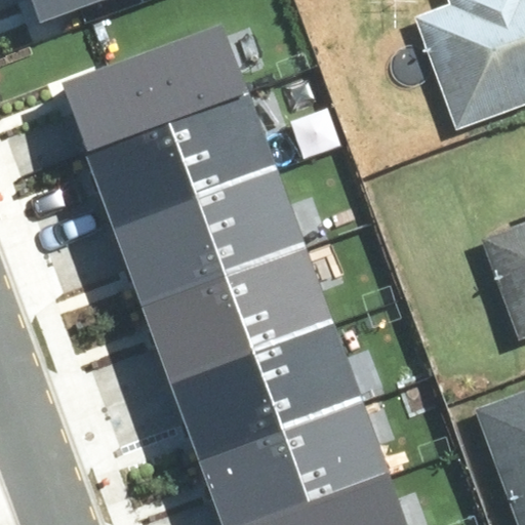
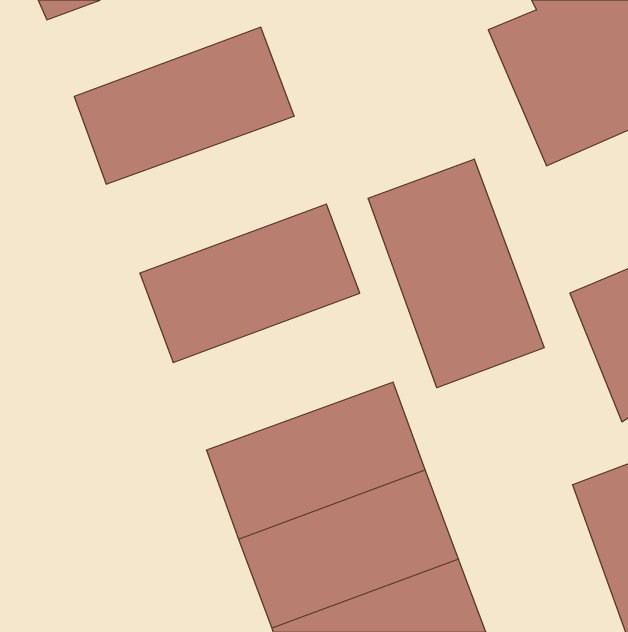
building: [91,96,274,227] -> none
building: none -> [368,159,544,388]
building: [147,243,329,373] -> none

